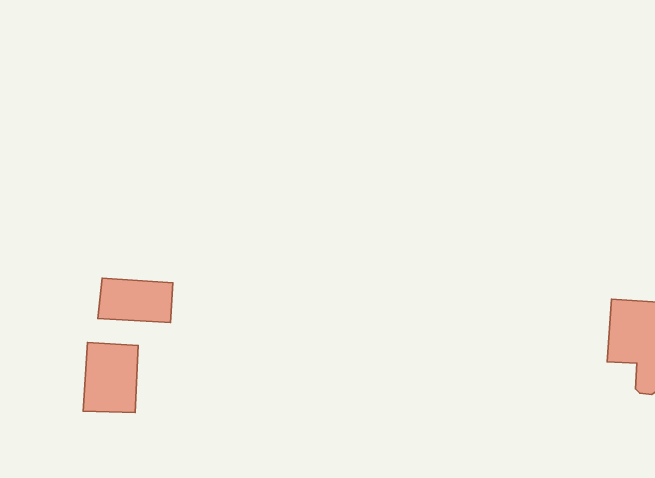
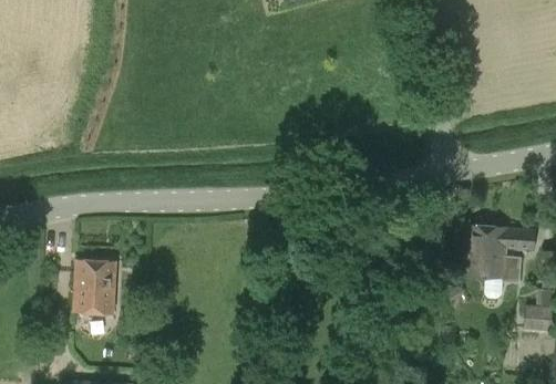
building: [98,278,173,322] -> none

